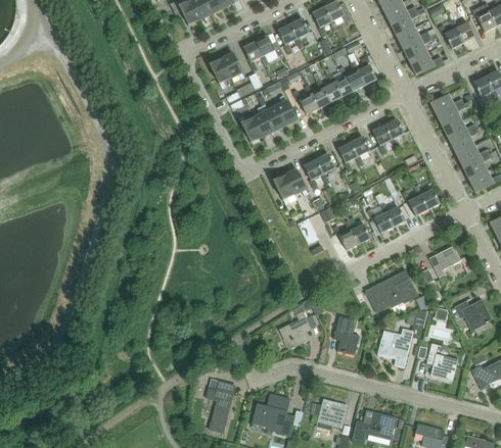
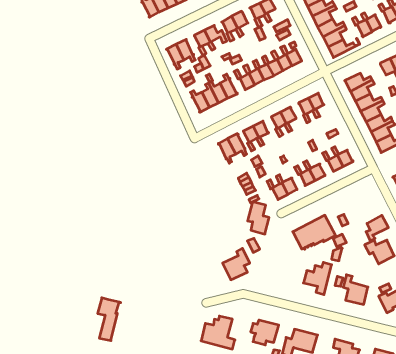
building: [434,245,461,277] -> [366,215,388,241]
building: [333,315,360,355] -> [248,202,269,234]
building: [207,379,235,432] -> [98,298,121,341]

